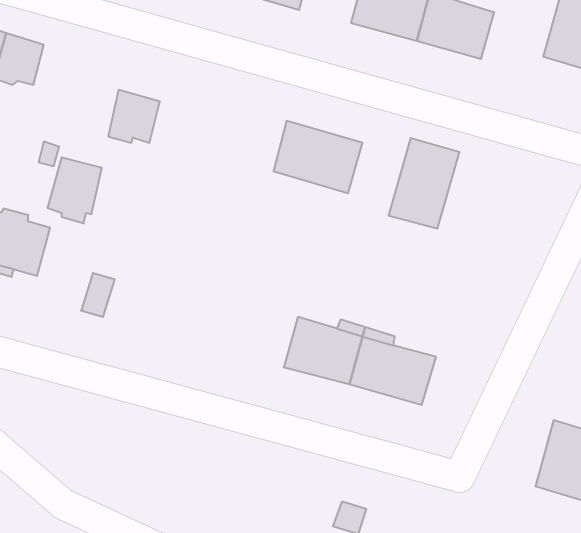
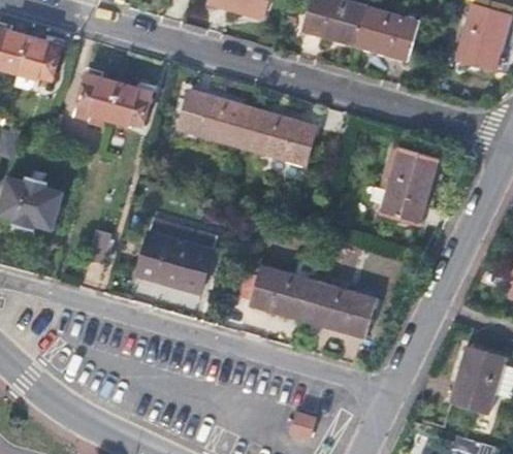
building: none -> [180,92,252,149]
building: [389,138,460,228] -> [380,150,437,222]
building: [47,157,102,223] -> [74,75,118,128]
building: none -> [137,217,215,291]

